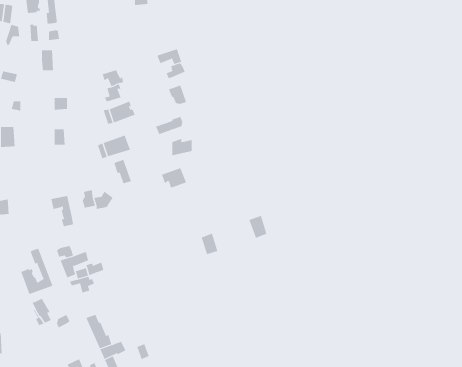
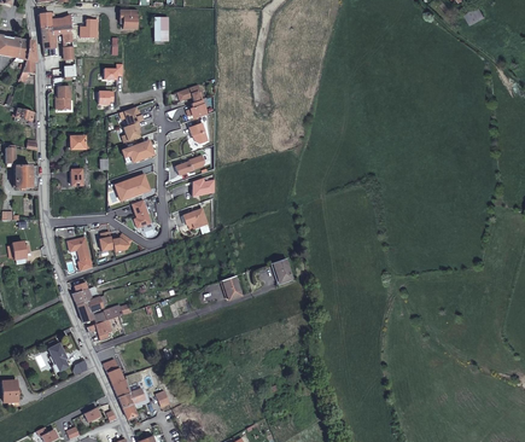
building: [21,248,53,295] -> none

